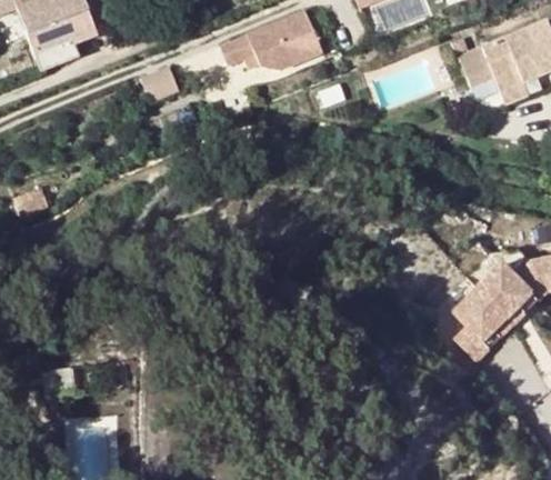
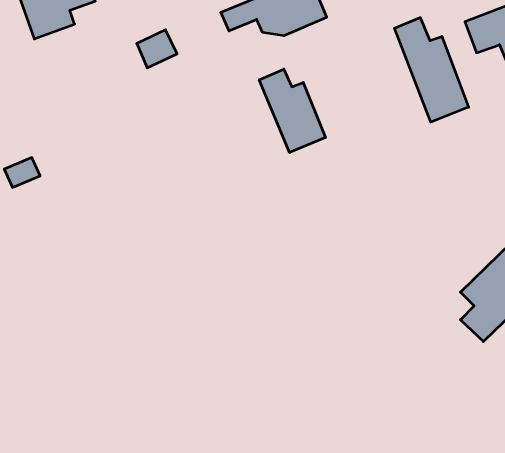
building: none -> [394,18,469,122]
building: none -> [259,69,325,153]

